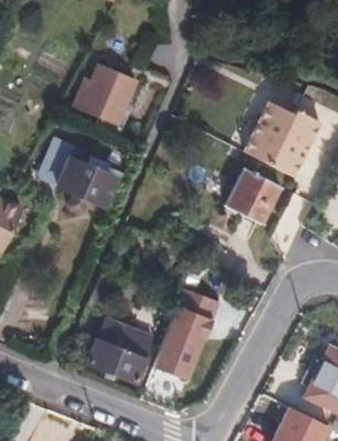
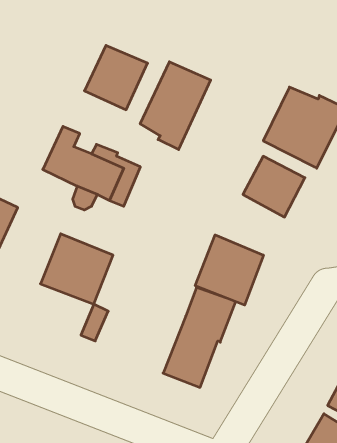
building: none -> [140,62,211,150]
building: none -> [195,235,263,305]
building: [86,315,153,380] -> [40,234,113,304]

